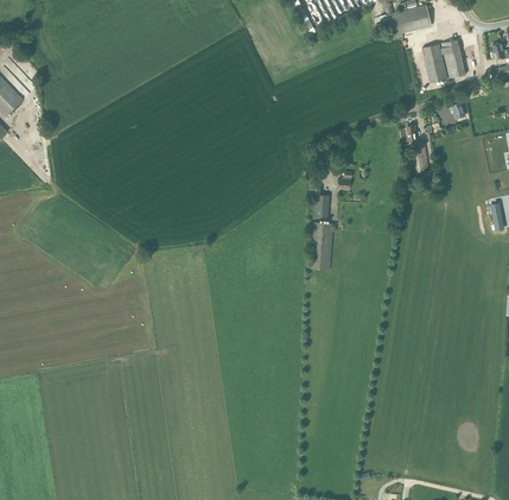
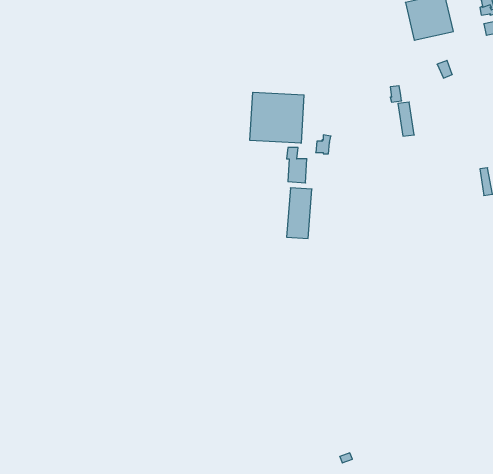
building: none -> [250,92,304,143]

